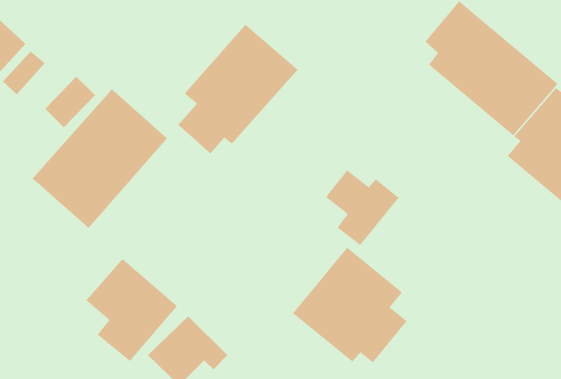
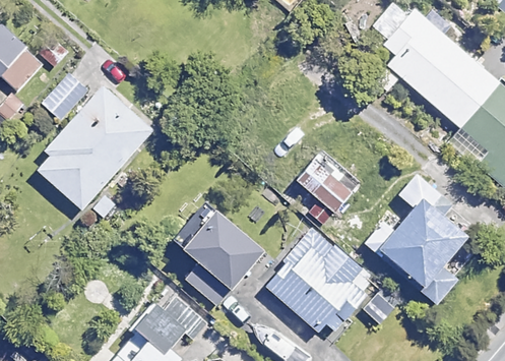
building: [177,24,298,154] -> none
building: none -> [376,174,462,299]
building: [86,258,178,362] -> [178,209,260,302]

